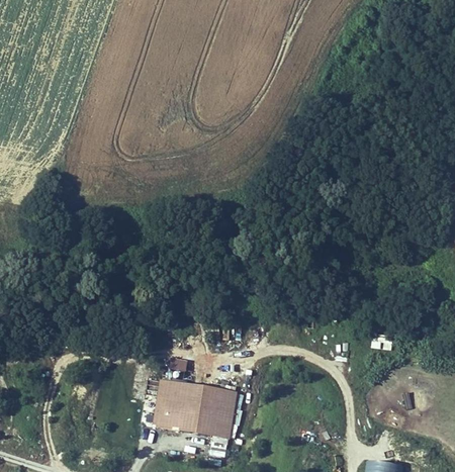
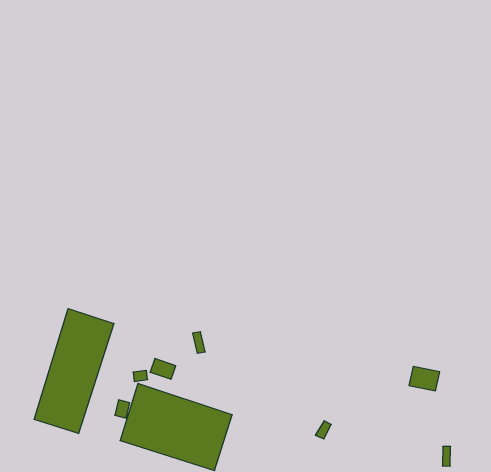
building: none -> [34,309,114,434]

